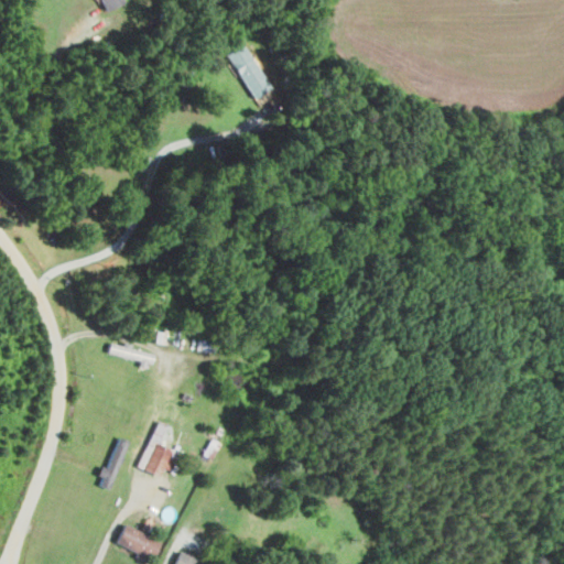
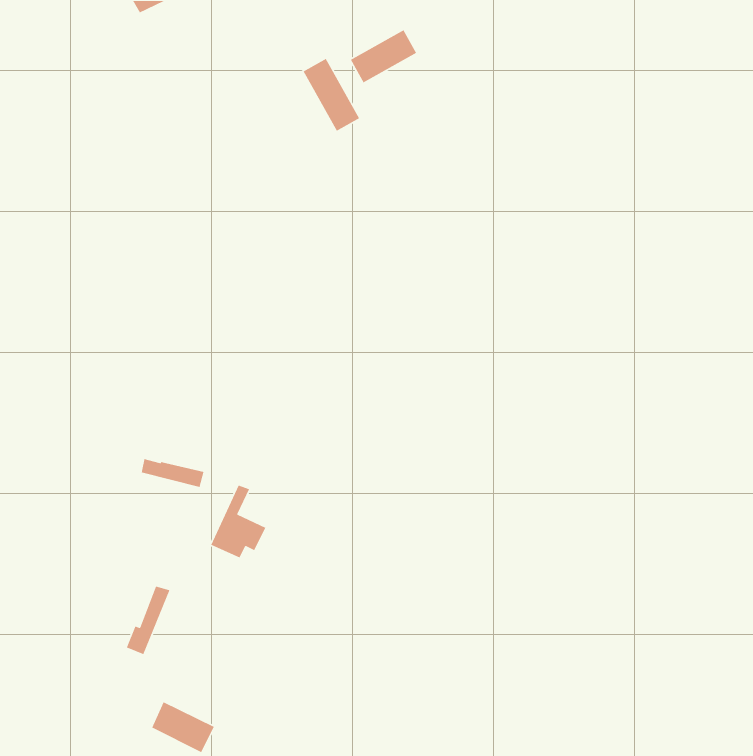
building: none -> [350,29,417,83]
building: [138,421,180,476] -> [210,484,266,559]

